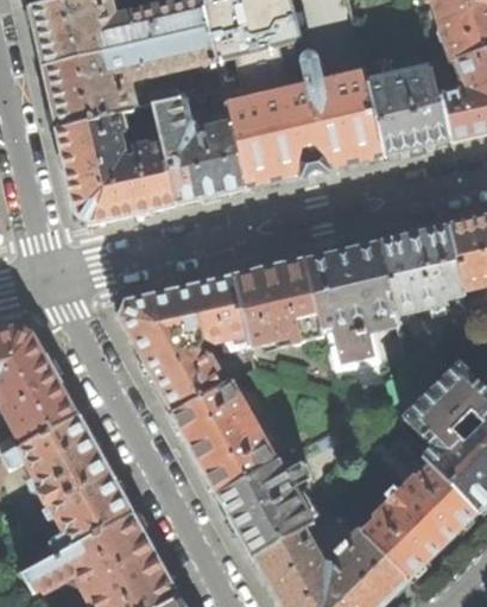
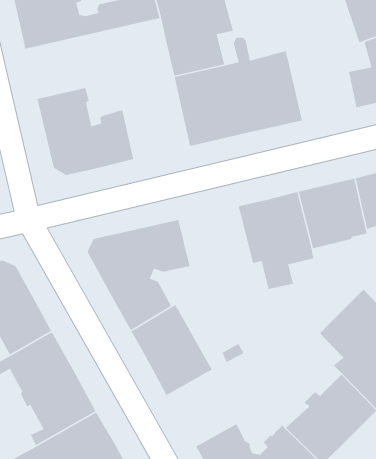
building: [44,29,217,127] -> none
building: [368,68,450,154] -> none
building: [154,99,246,202] -> none
building: [233,259,324,346] -> none
building: [217,459,314,555] -> none

